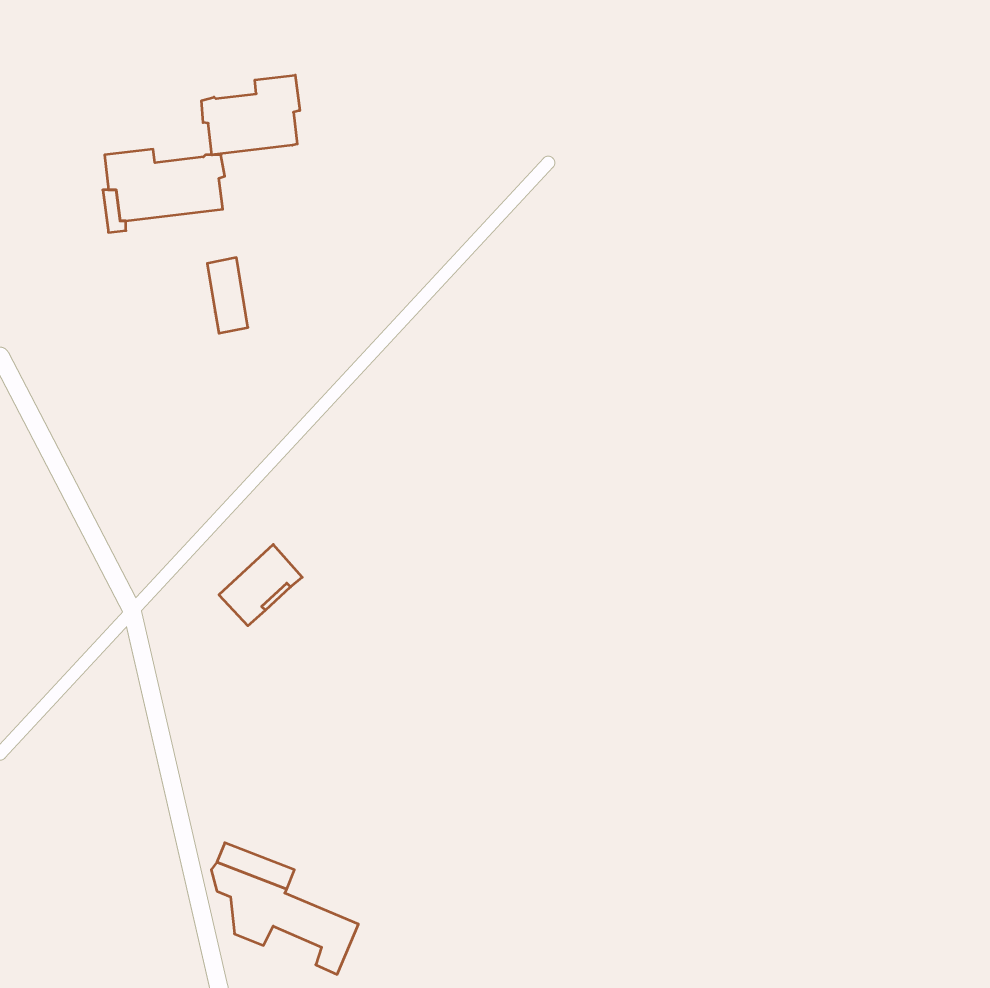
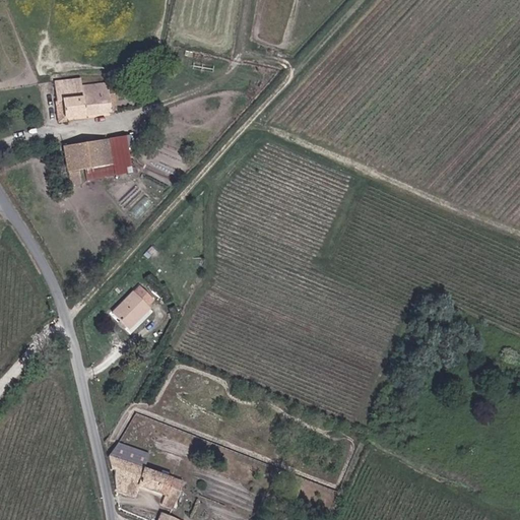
building: [202,75,300,155] -> none
building: none -> [64,138,113,184]

